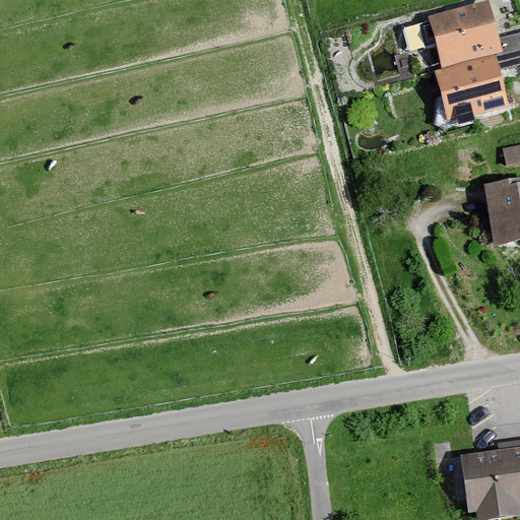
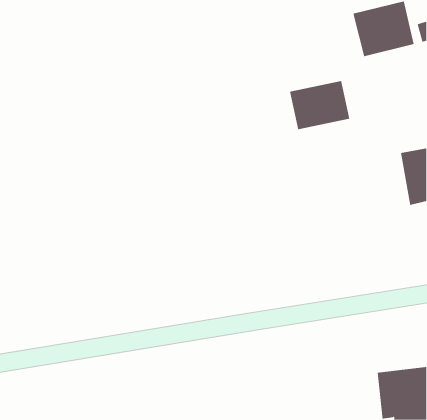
building: [436,63,510,123] -> [289,81,350,130]

